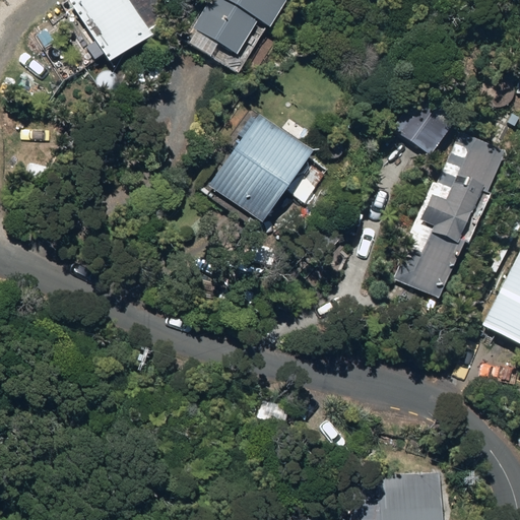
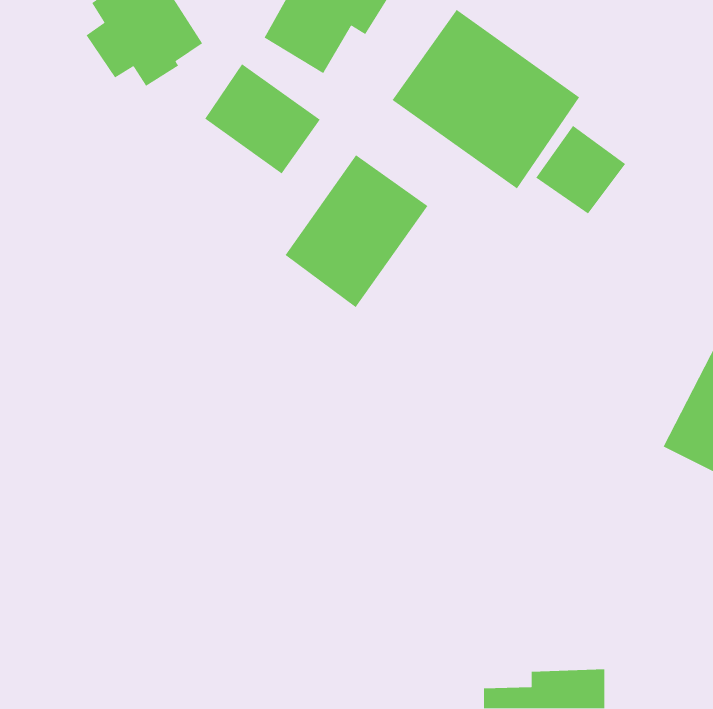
building: none -> [391,9,580,190]
building: none -> [204,63,321,174]
building: [397,133,507,297] -> none

